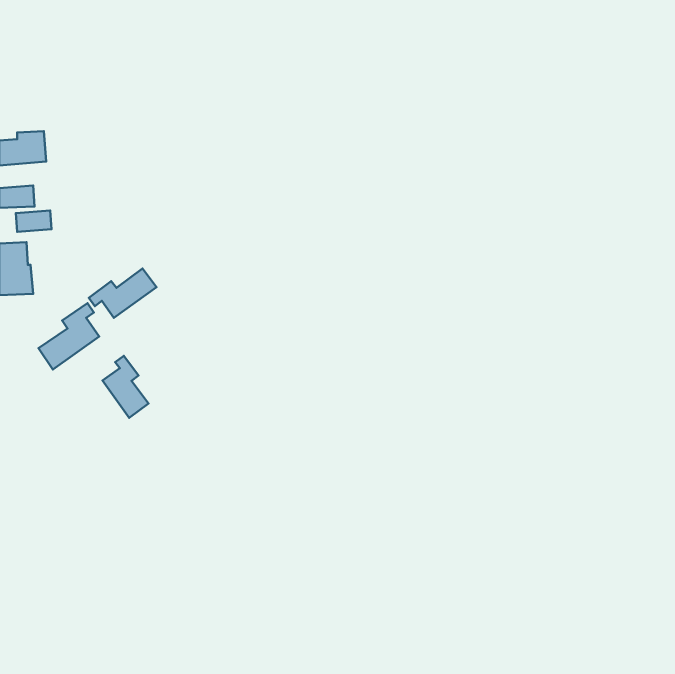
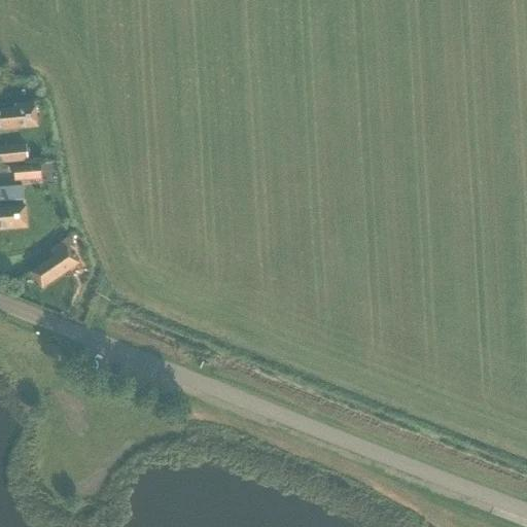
building: [89,269,156,318] -> none
building: [102,356,148,418] -> none

